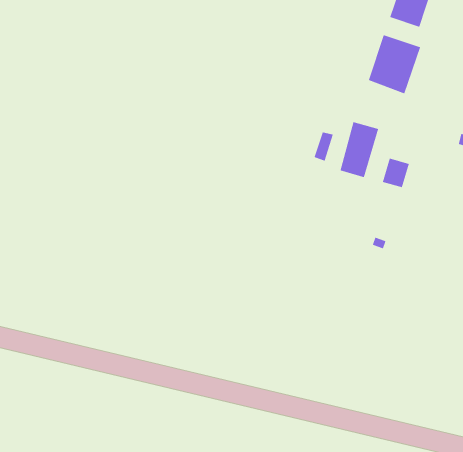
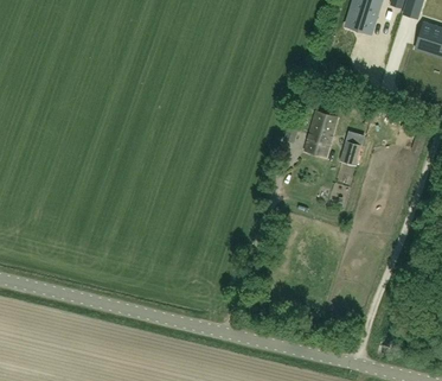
building: [368,34,421,94] -> none

